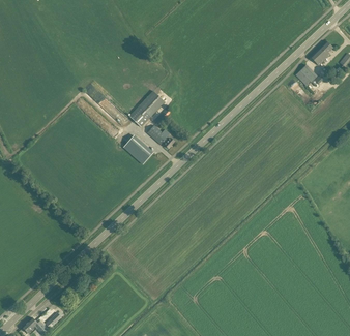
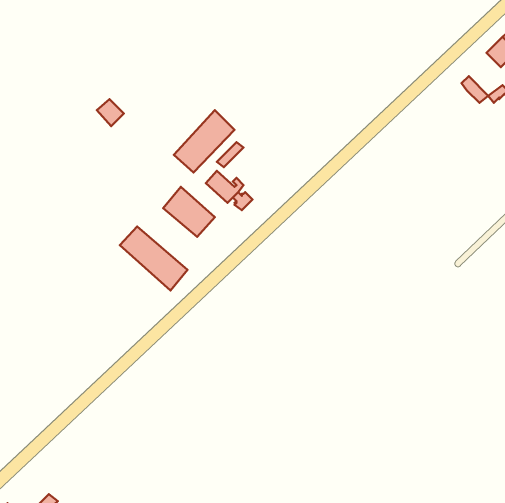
building: none -> [120,226,187,291]

